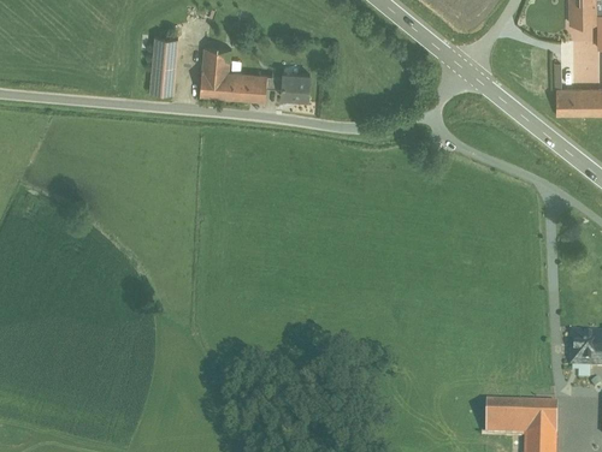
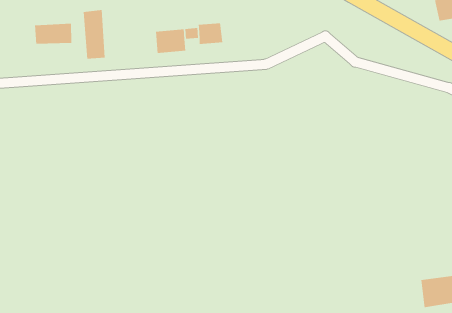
building: none -> [35,23,72,45]
building: [199,47,234,97] -> none

